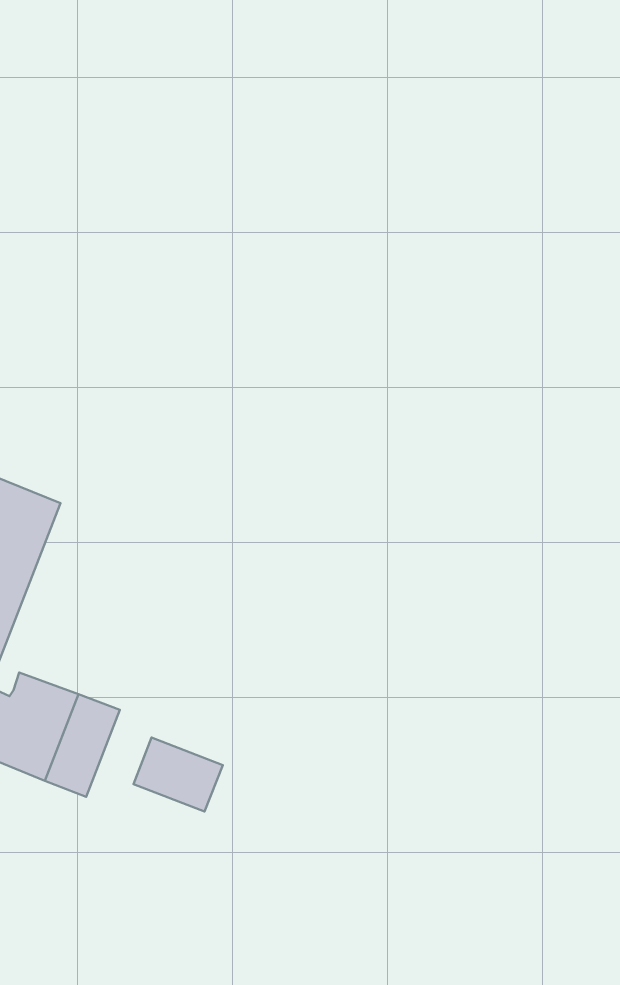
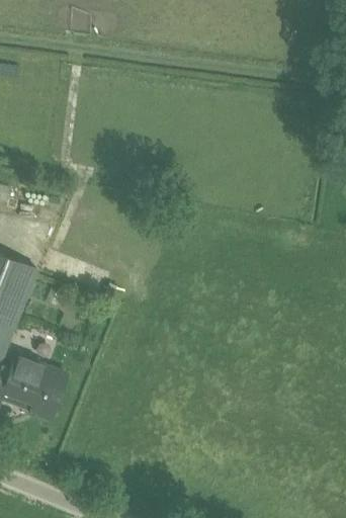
building: [133,738,223,812] -> none

